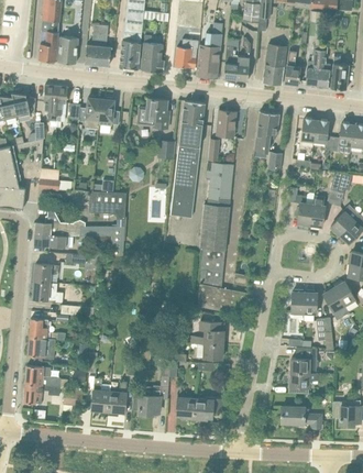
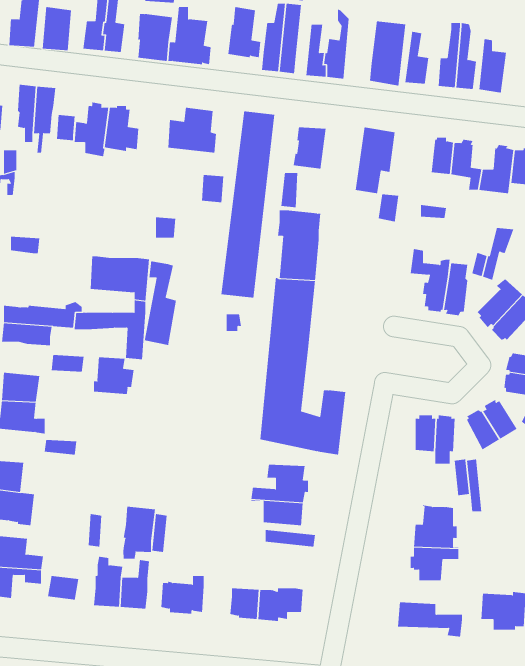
building: none -> [144,261,176,346]
building: none -> [93,356,134,395]
building: none -> [123,506,155,560]

